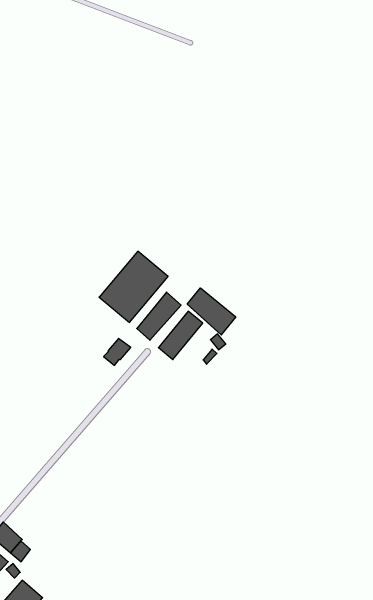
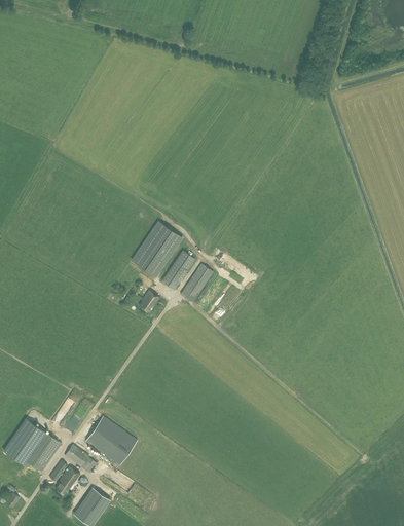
building: [187,288,236,335] -> none
building: none -> [84,416,136,465]

